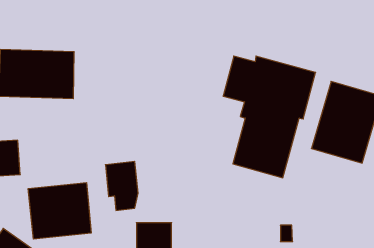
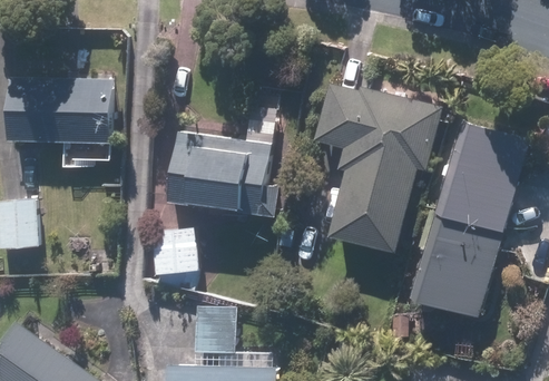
building: none -> [167,108,280,217]
building: none -> [409,211,503,316]
building: [28,183,91,239] -> none

